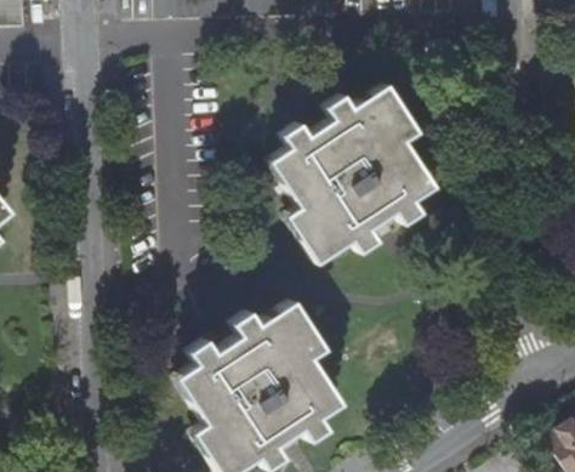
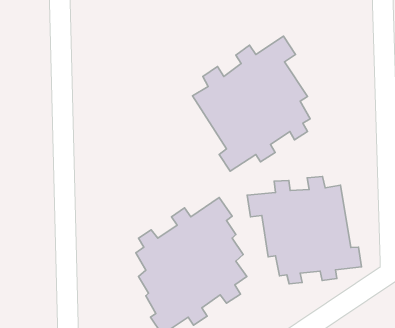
building: none -> [247,177,362,284]

